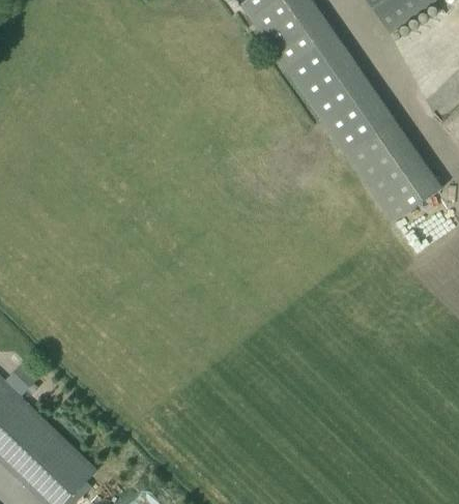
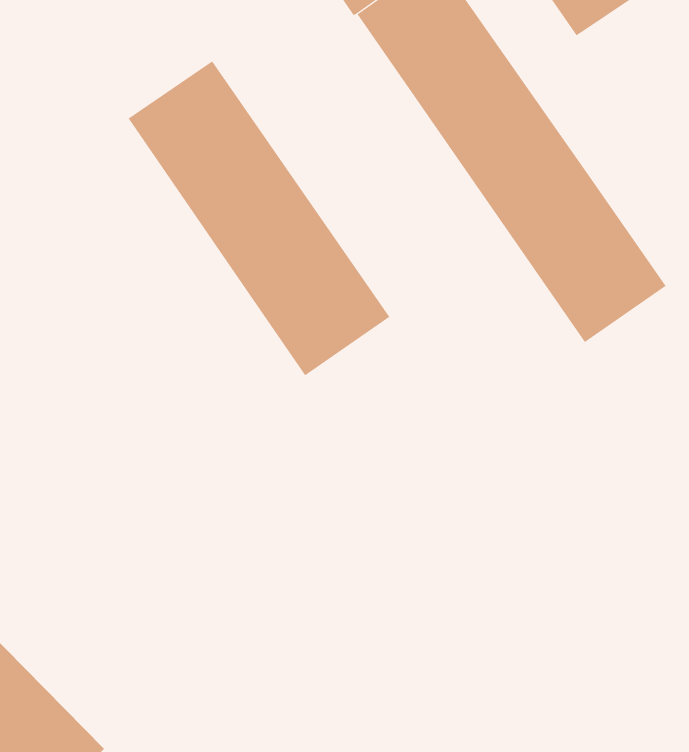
building: none -> [128,61,390,376]

